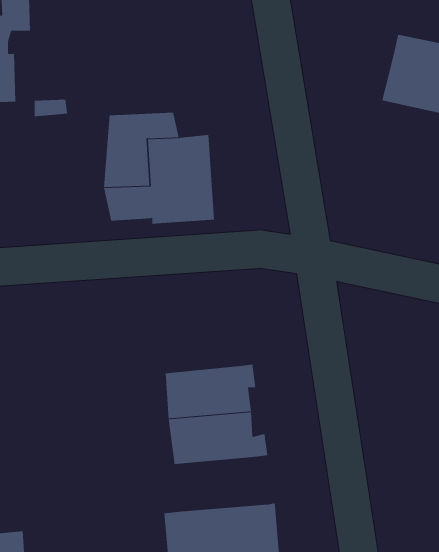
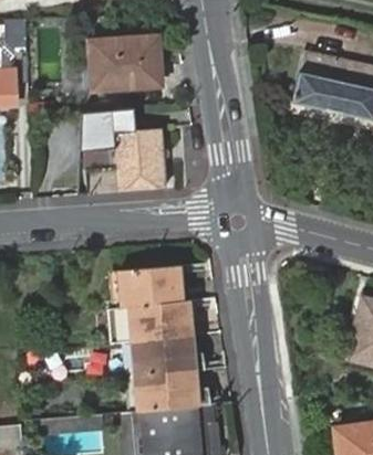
building: none -> [90,36,159,88]
building: none -> [121,266,188,307]
building: none -> [134,370,205,411]

